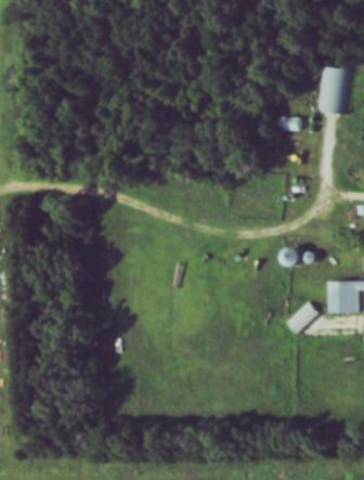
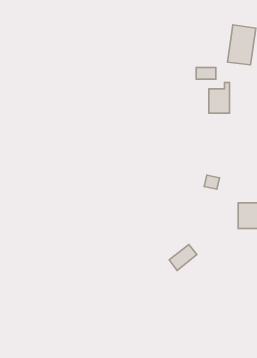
building: none -> [209,82,229,113]
building: [286,301,320,333] -> [169,245,197,270]

